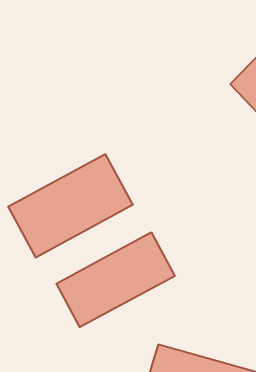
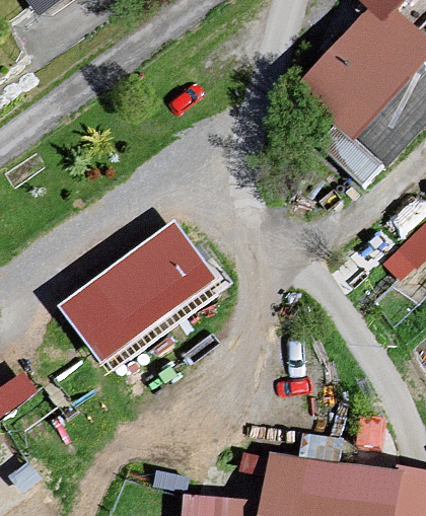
building: [56,232,175,327] -> none

